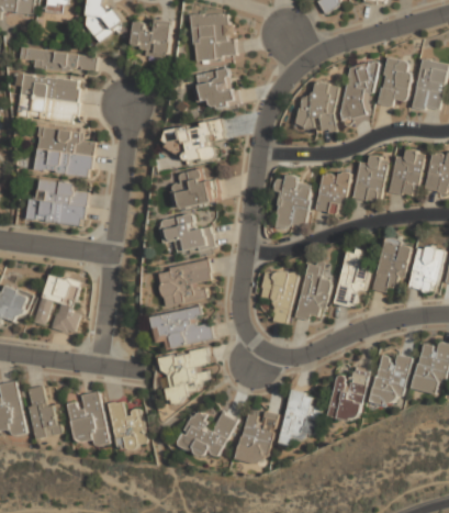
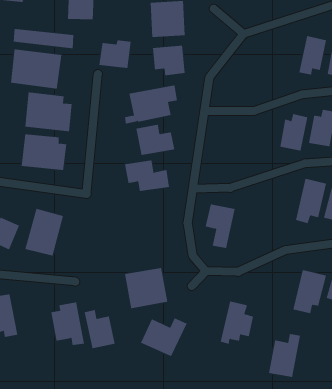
building: [130,19,171,55] -> [98,40,132,69]
building: [340,62,378,119] -> none
building: [298,82,336,131] -> none
building: [314,169,350,215] -> none
building: [272,174,311,228] -> none
building: [334,246,369,306] -> none
building: [295,258,332,321] -> none
building: [157,260,211,306] -> none
building: [149,308,213,347] -> none
building: [327,367,368,422] -> [268,334,301,377]
building: [25,386,59,438] -> none
building: [235,410,278,466] -> none

